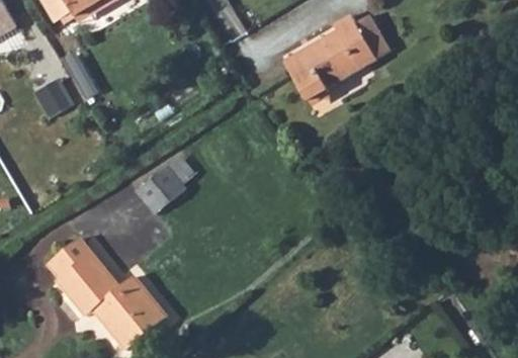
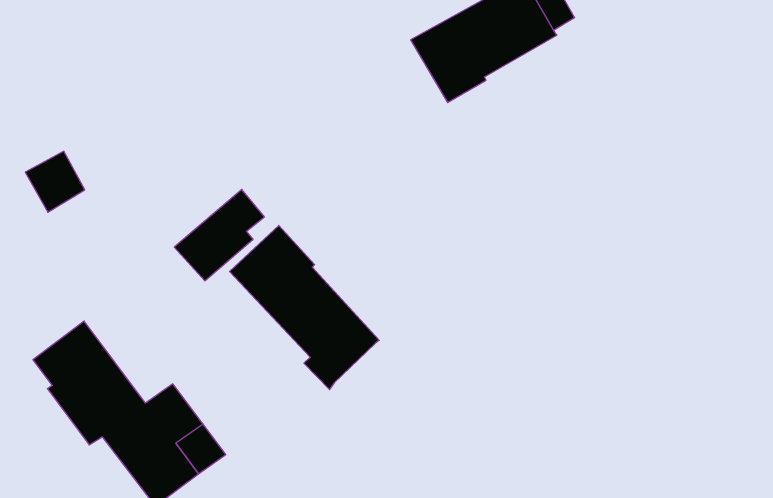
building: [36,76,74,114] -> [25,151,85,212]
building: none -> [230,225,379,390]

